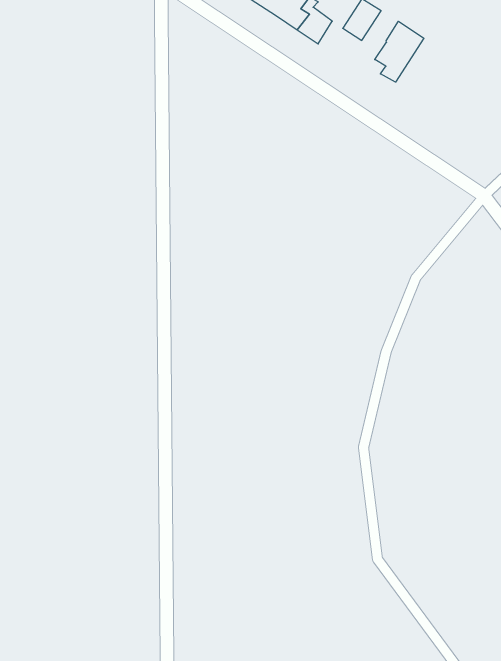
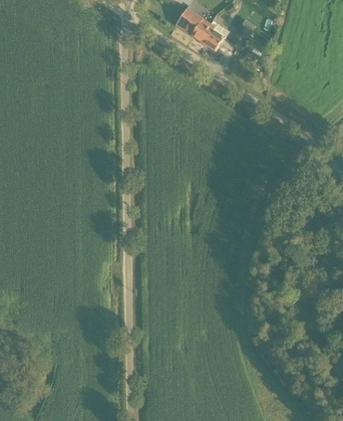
building: [375,21,424,82] -> none

